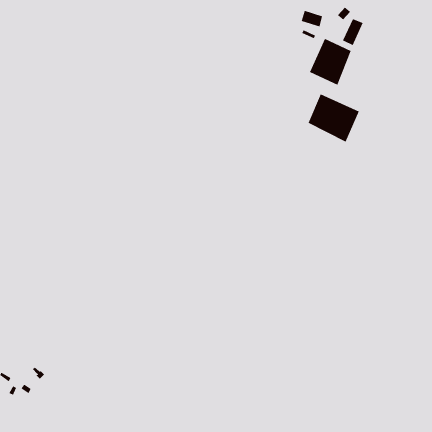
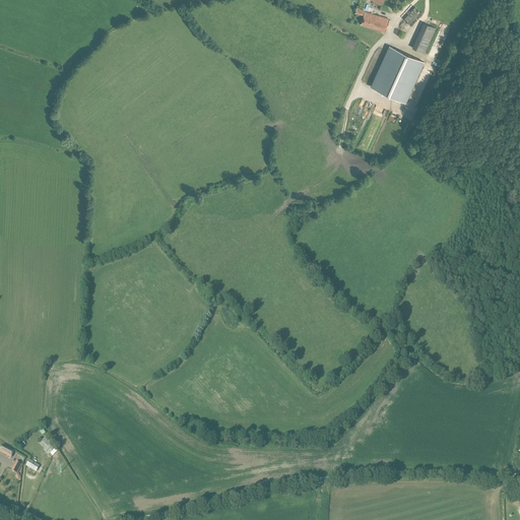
building: [308,94,359,143] -> none

